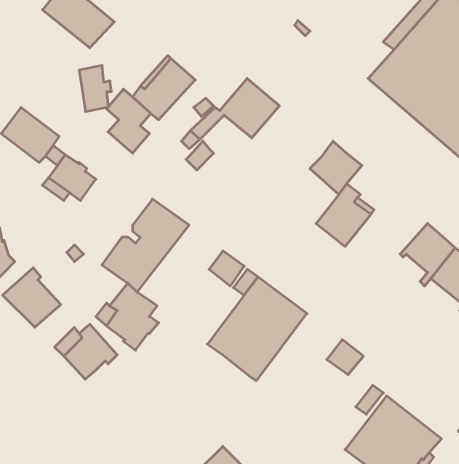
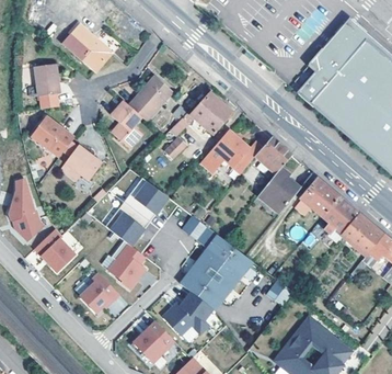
building: [79,66,111,111] -> [37,61,60,94]
building: none -> [200,131,262,173]
building: none -> [299,178,338,218]
building: none -> [162,291,212,333]
building: none -> [130,320,174,361]

